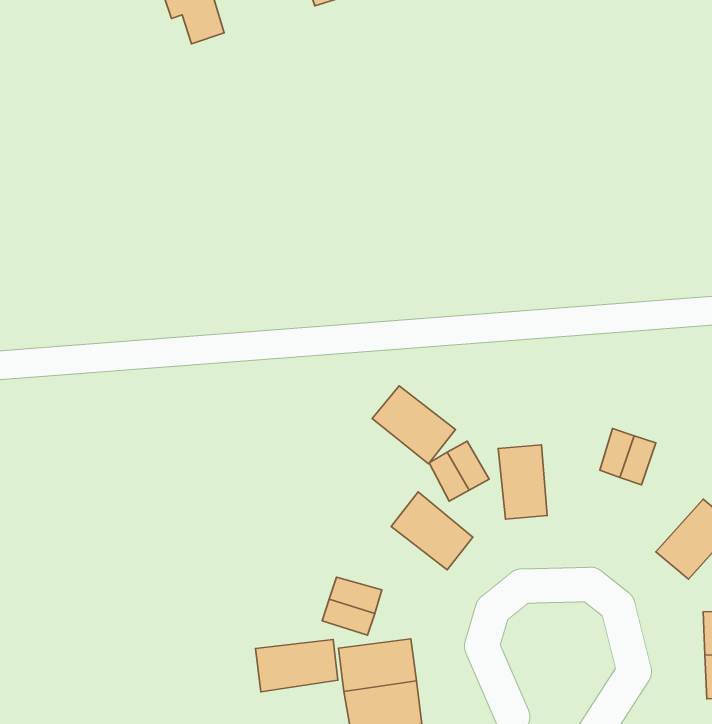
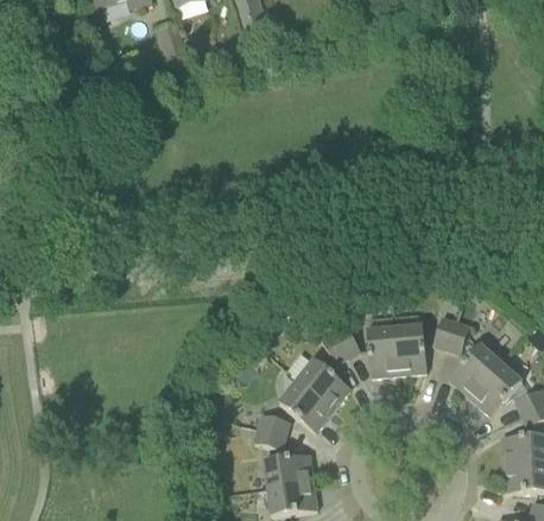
building: [372,386,456,464] -> [278,380,333,431]
building: none -> [394,324,426,373]
building: none -> [448,343,500,396]
building: [256,639,338,692] -> none

